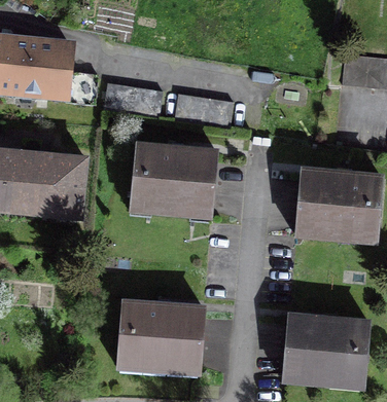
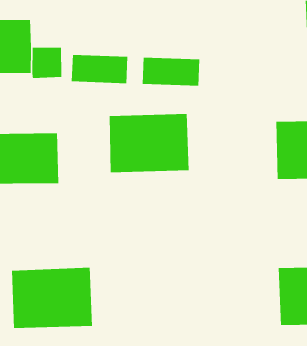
building: [119,302,203,366] -> [11,267,93,328]

